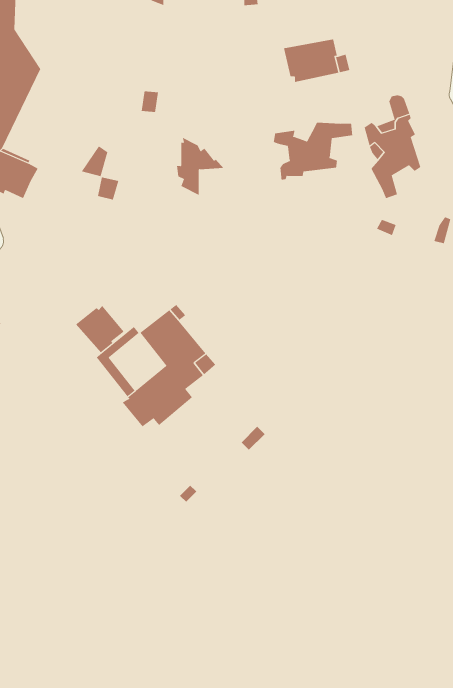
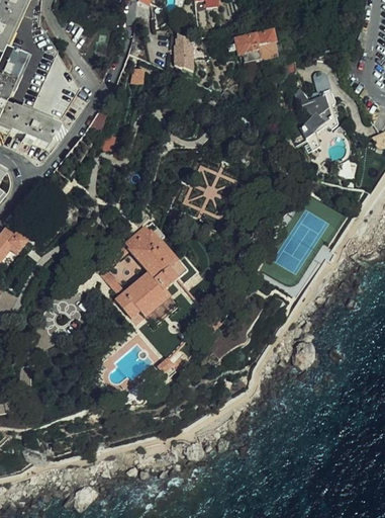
building: [273,122,353,180] -> none
building: [176,137,224,196] -> [173,34,208,78]
building: [75,305,124,353] -> none

